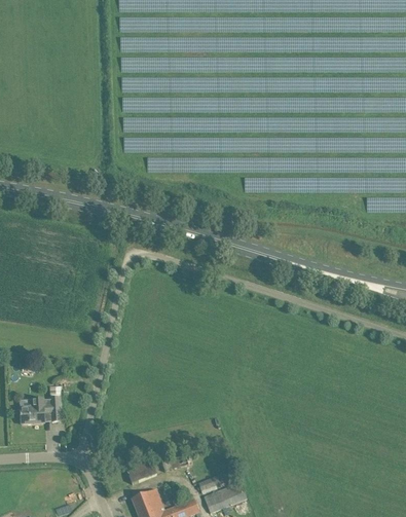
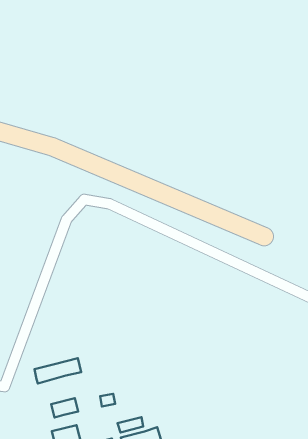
building: none -> [34,358,81,383]

